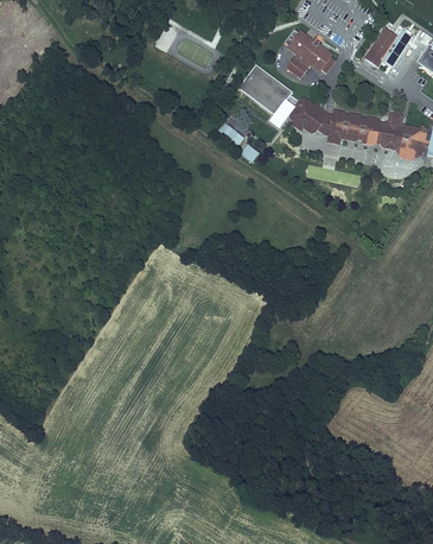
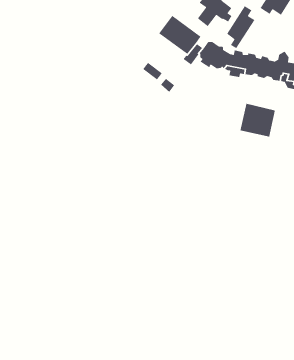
building: none -> [226,5,256,49]
building: none -> [240,103,276,138]

